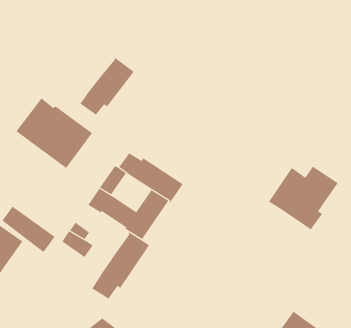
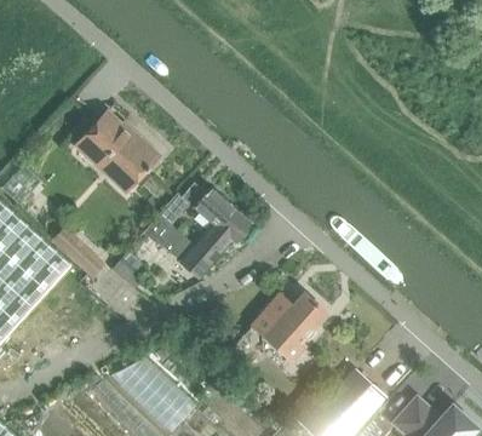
building: [79,57,135,115] -> none
building: [268,166,338,230] -> [249,291,327,361]
building: [91,231,150,299] -> none

